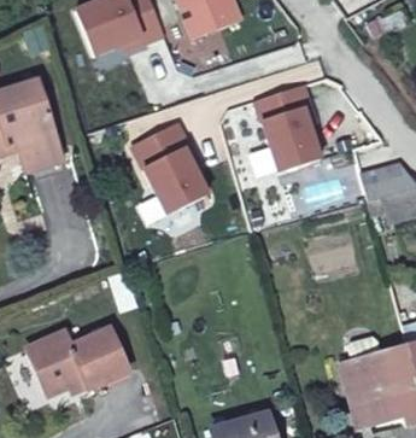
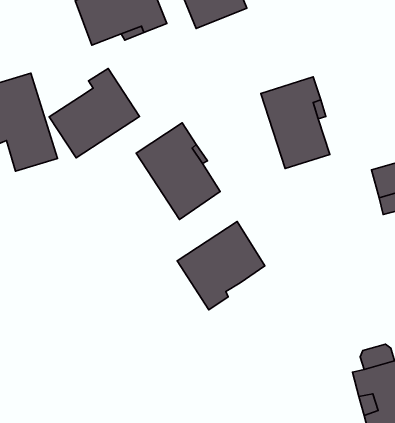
building: none -> [49,69,140,158]
building: none -> [177,222,265,310]
building: [25,328,128,395] -> none

